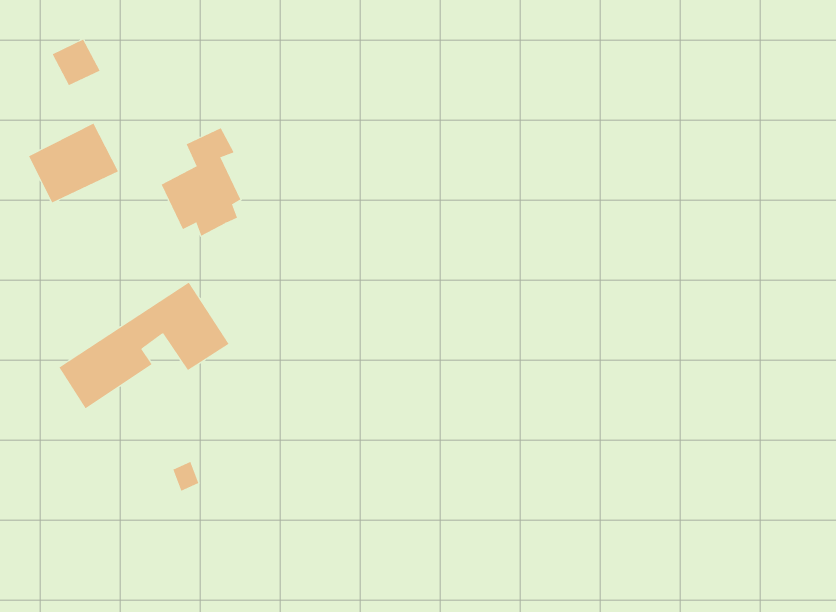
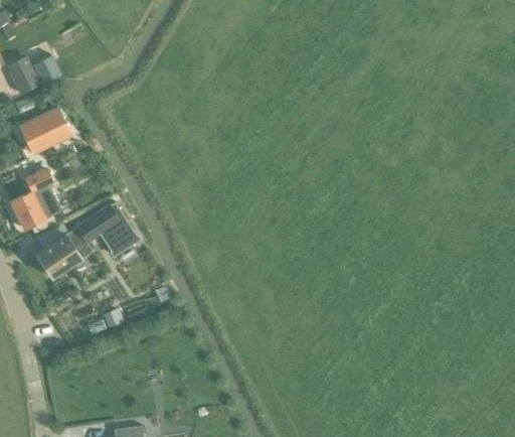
building: none -> [6,56,40,95]
building: [161,127,241,236] -> [9,168,57,234]

